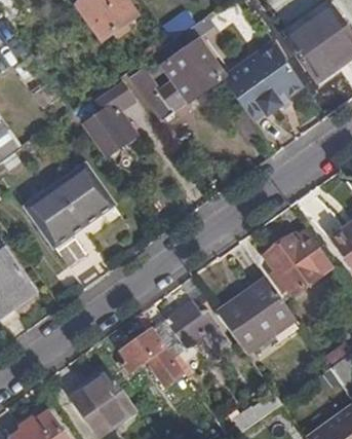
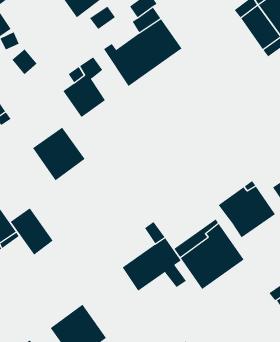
building: [220,40,302,119] -> none
building: [26,190,76,246] -> [10,207,53,256]
building: [120,331,181,385] -> none

